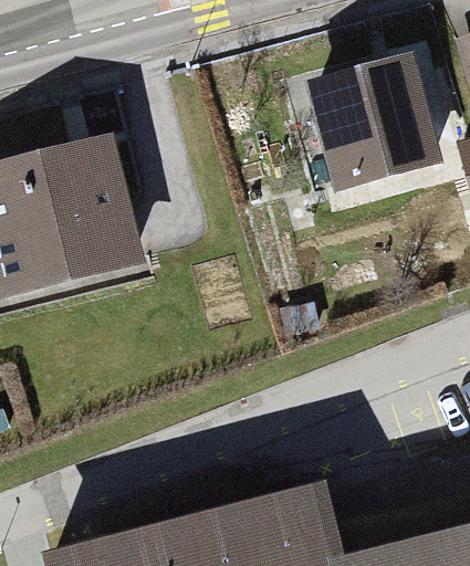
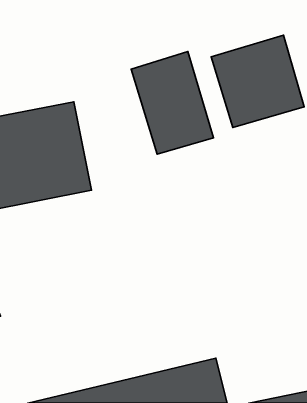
building: none -> [131,52,214,154]

